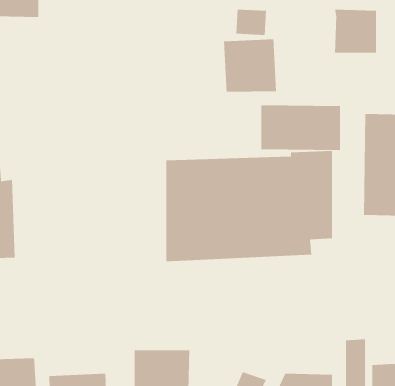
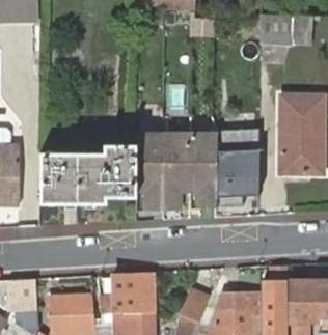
building: [224,38,276,93] -> none
building: [261,105,341,151] -> none
building: none -> [39,142,137,200]

